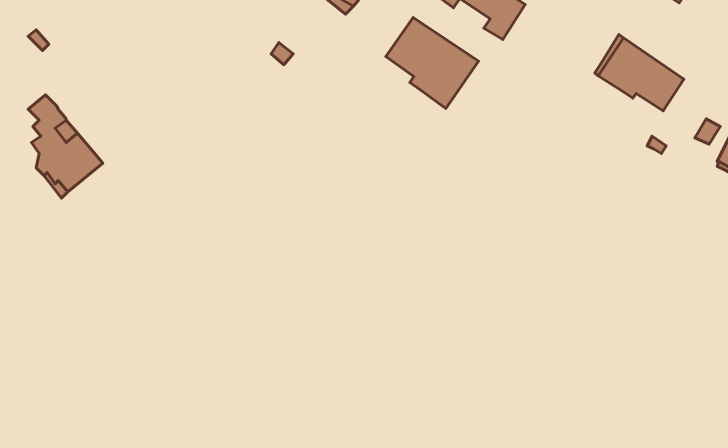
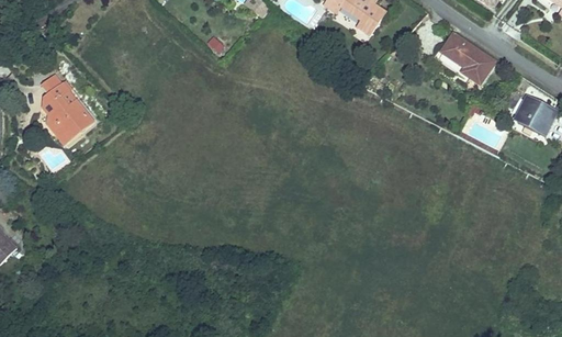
building: [386,18,479,109] -> none

